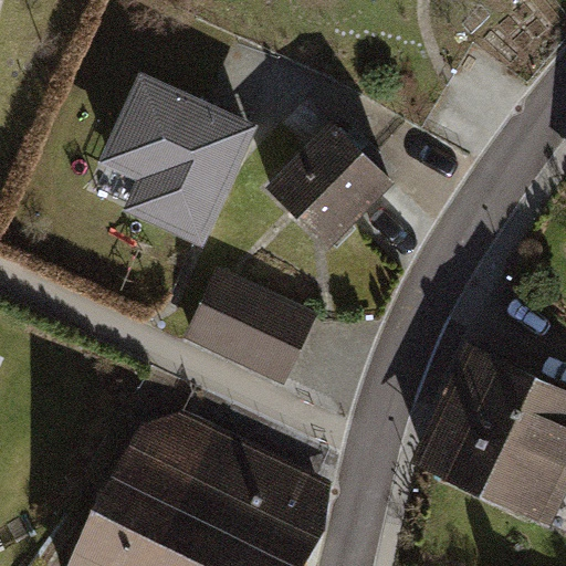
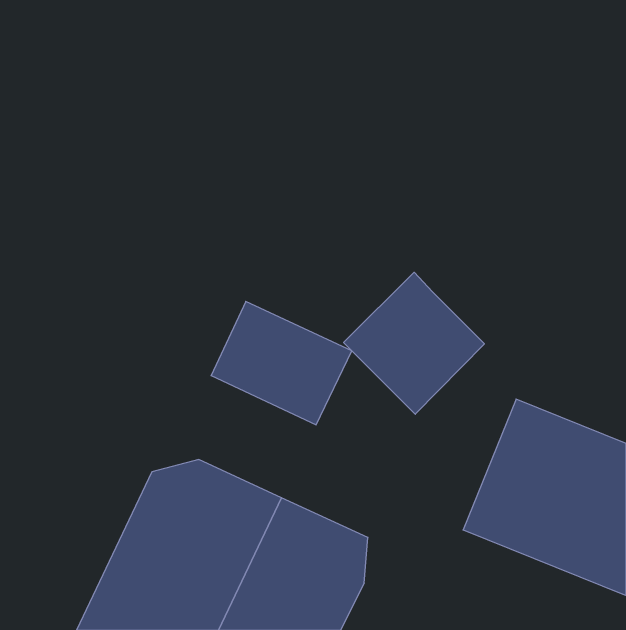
building: [101,75,261,248] -> none
building: [269,125,395,252] -> [344,272,484,414]

